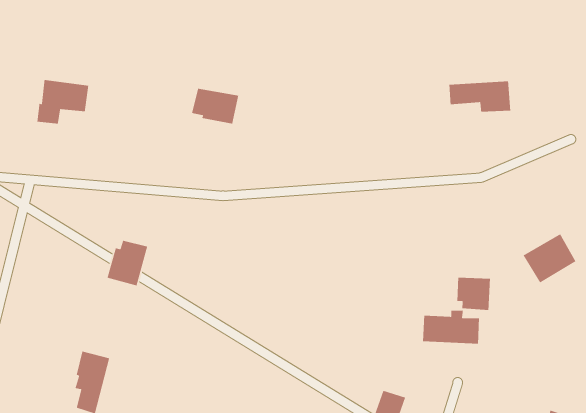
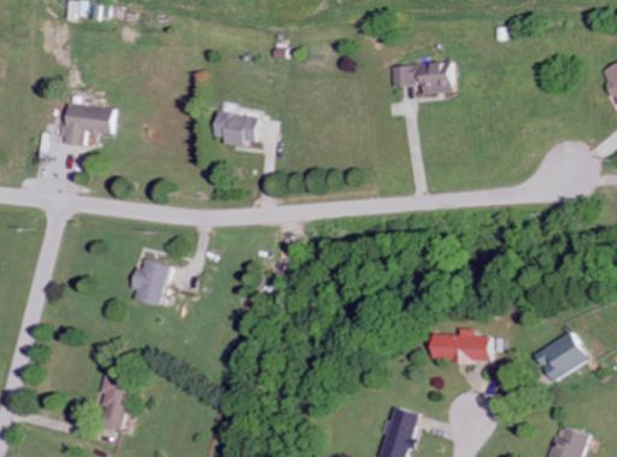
building: [449,81,511,112] -> [390,63,452,94]
building: [523,233,577,284] -> [536,333,589,382]
building: [456,277,491,311] -> none

